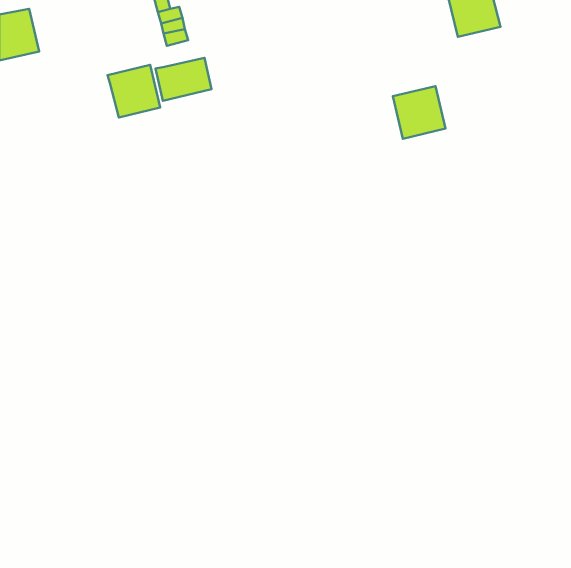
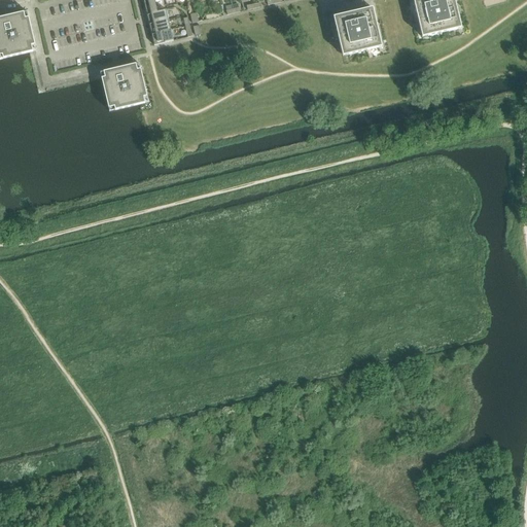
building: [155,58,211,101] -> none
building: [393,86,446,139] -> [332,4,381,52]

